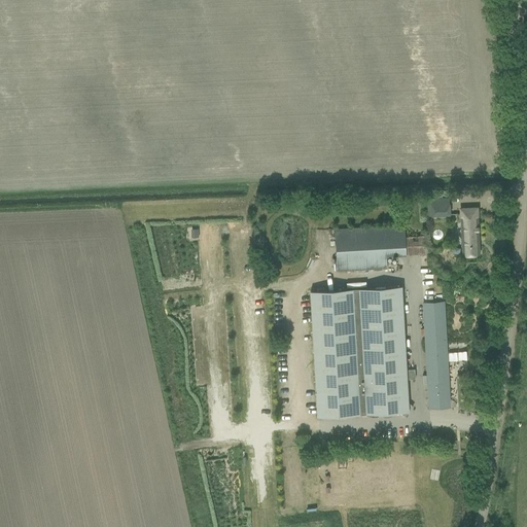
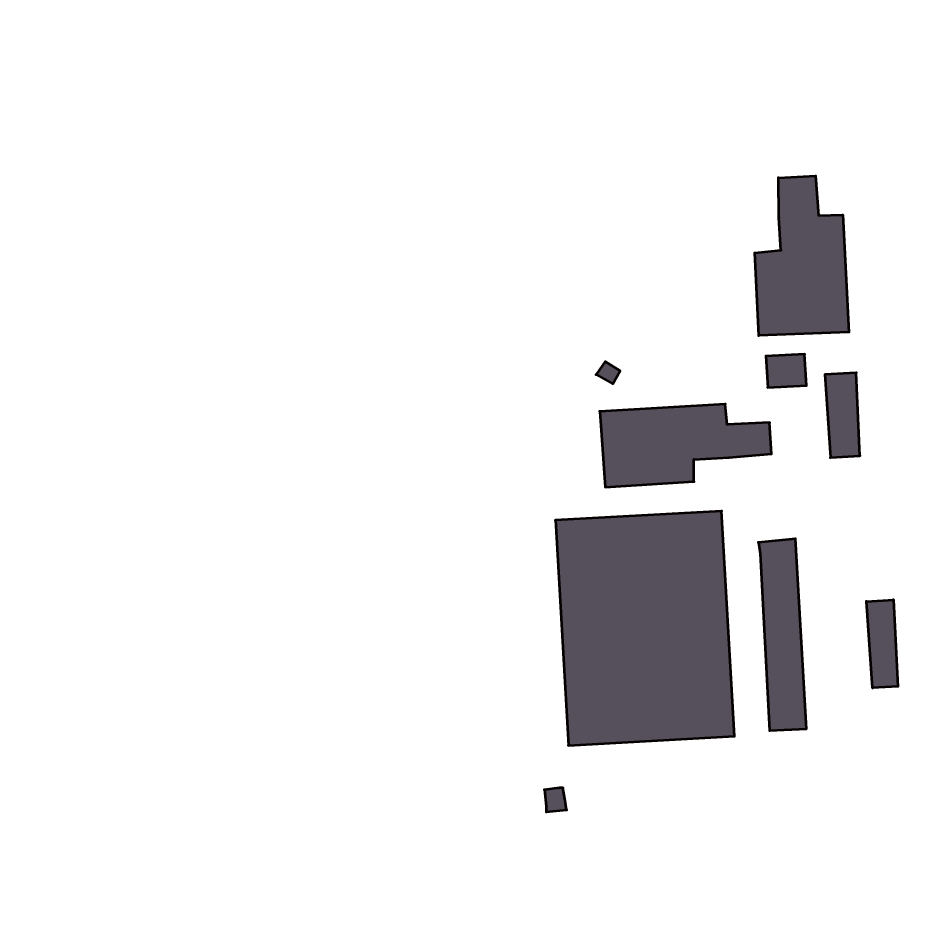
building: none -> [755,176,849,336]
building: none -> [866,600,898,688]

